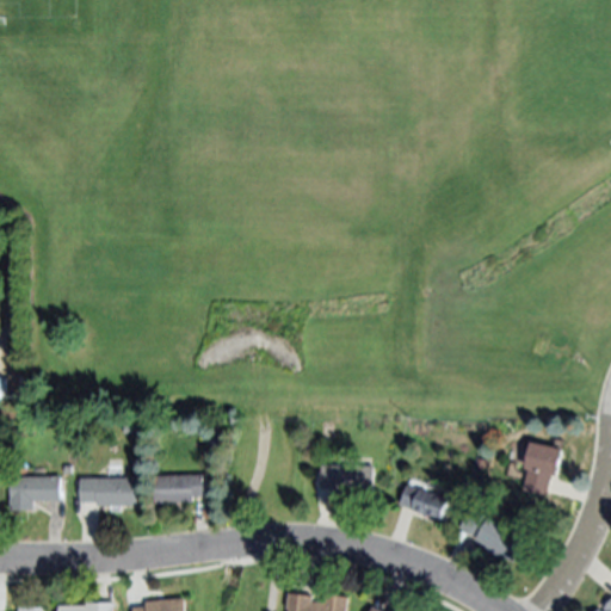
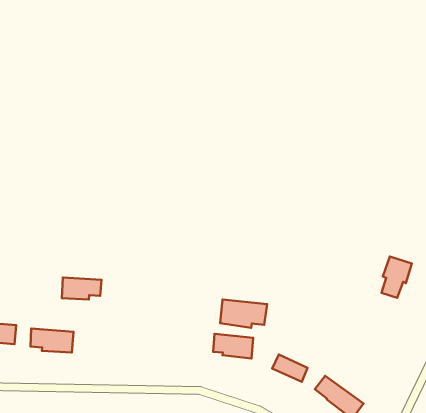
building: none -> [220,299,267,328]
building: [524,442,561,495] -> [381,256,412,298]
building: [153,475,204,504] -> [62,277,101,300]

